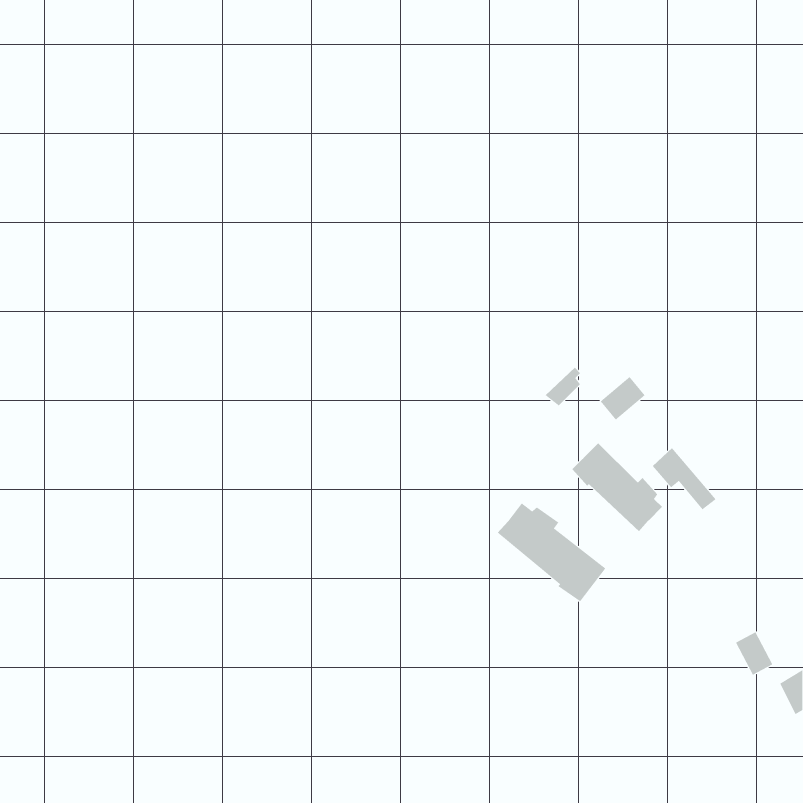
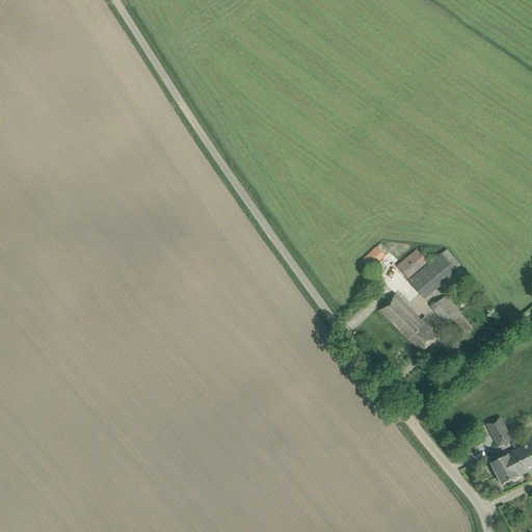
building: none -> [408,248,459,298]
building: [497,503,606,602] -> none
building: none -> [489,451,525,484]

